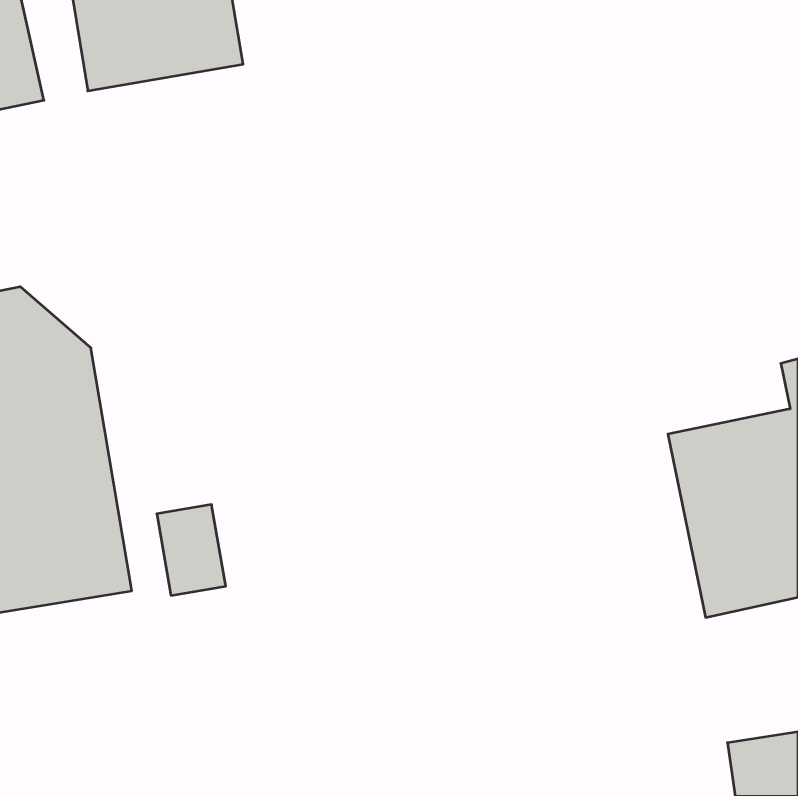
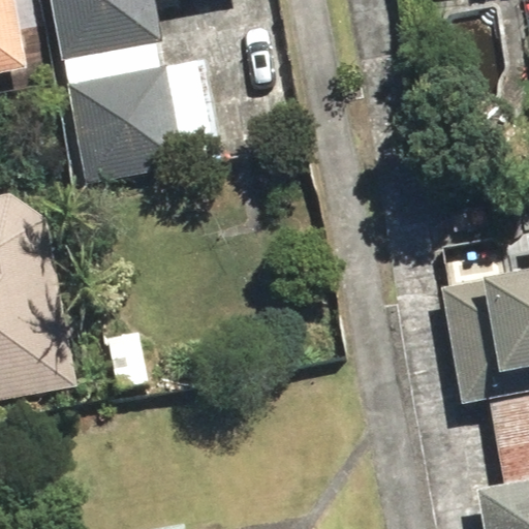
building: none -> [68,63,188,180]

